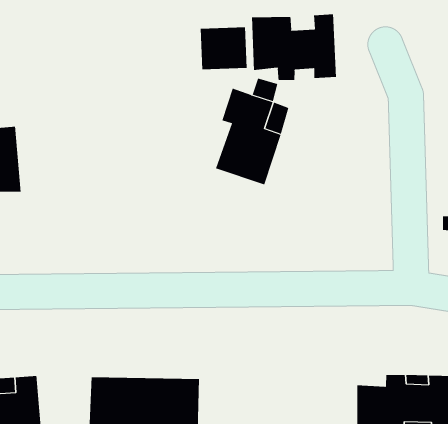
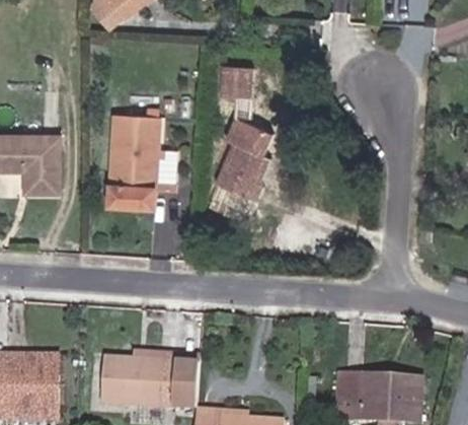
building: [251,13,336,81] -> none
building: none -> [109,116,159,209]

